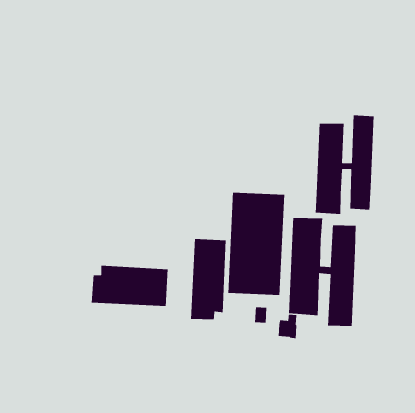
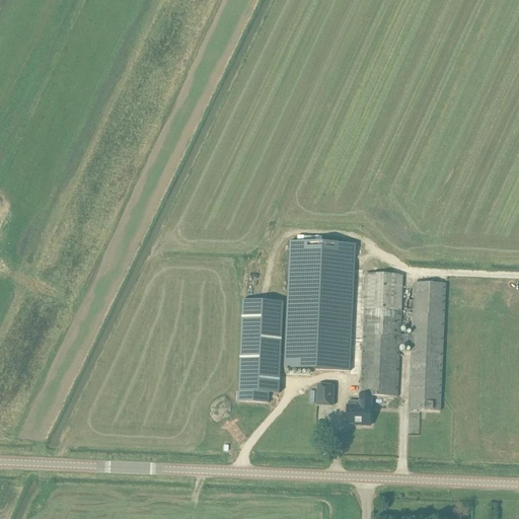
building: [315,115,374,215] -> none
building: [91,265,169,307] -> none

